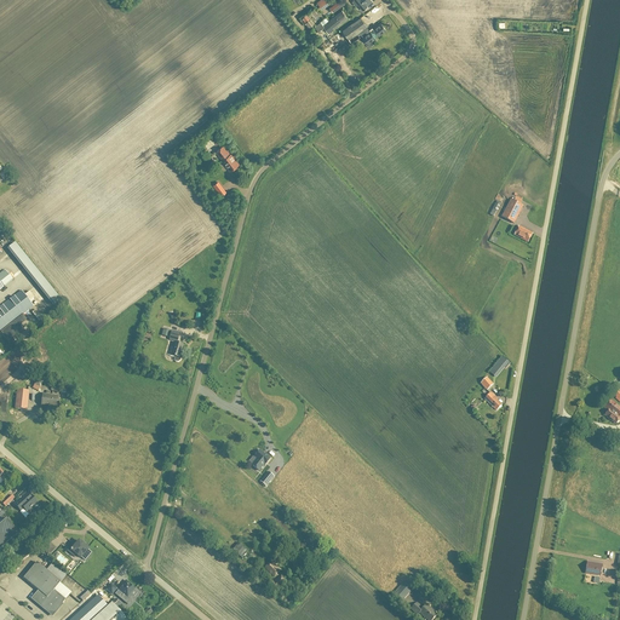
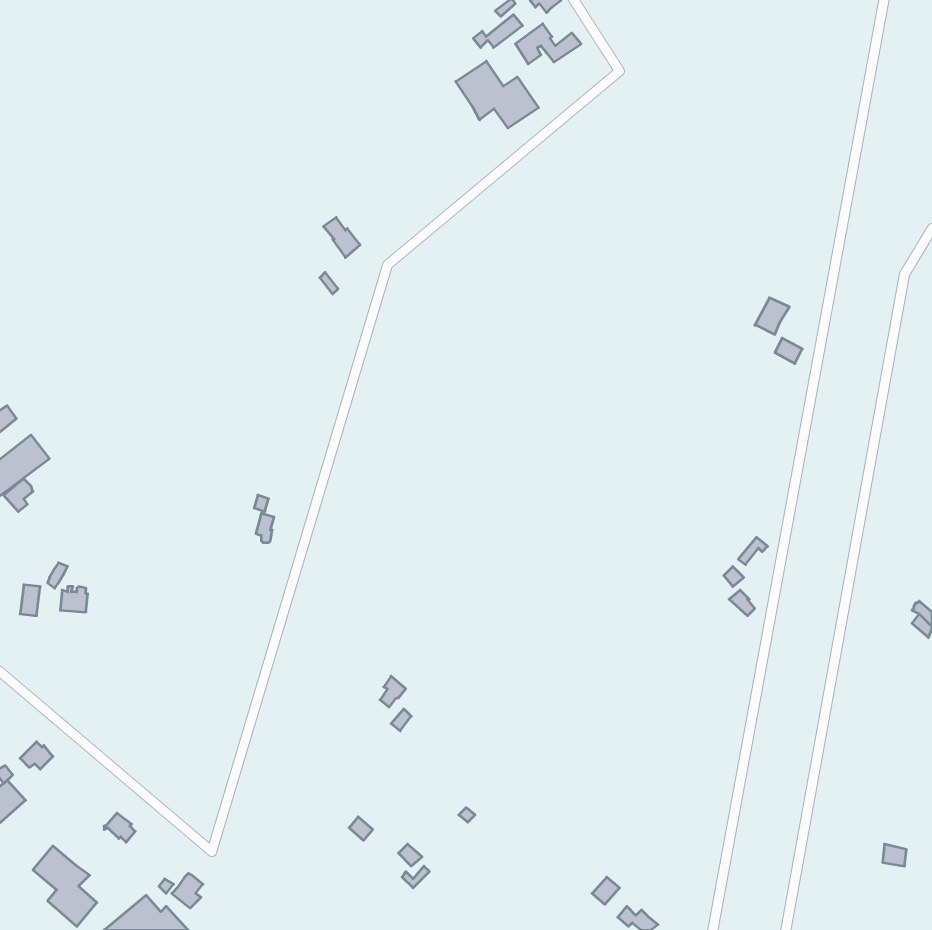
building: none -> [456,61,539,128]

